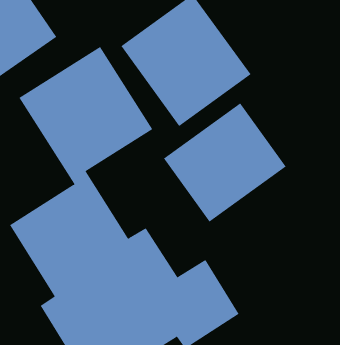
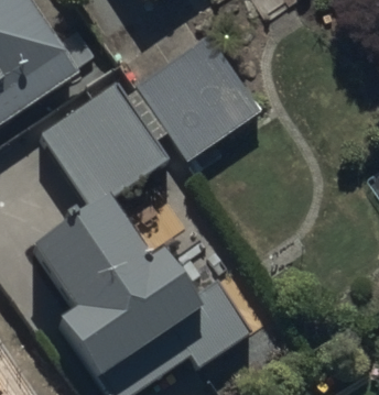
building: [163,103,287,222] -> none

